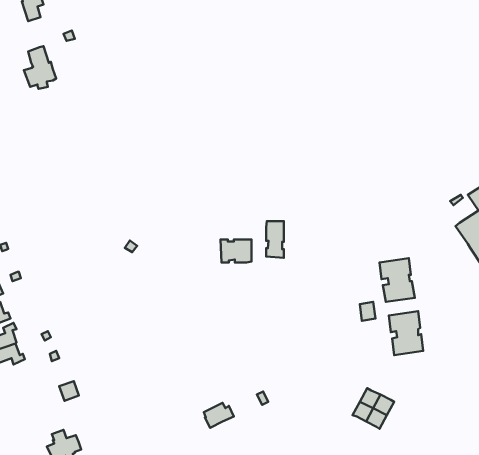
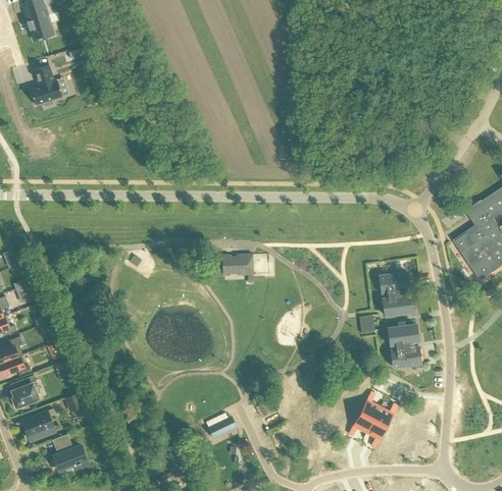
building: [266,221,284,258] -> none
building: none -> [11,375,39,407]
building: none -> [22,408,55,437]

